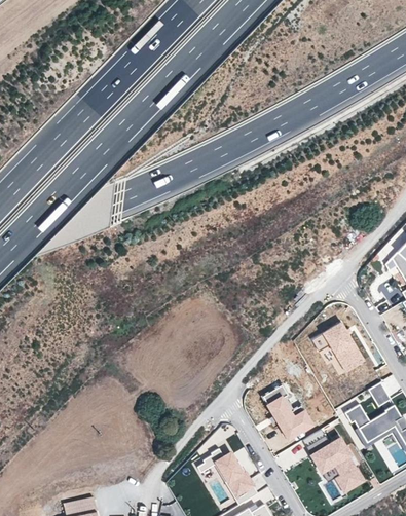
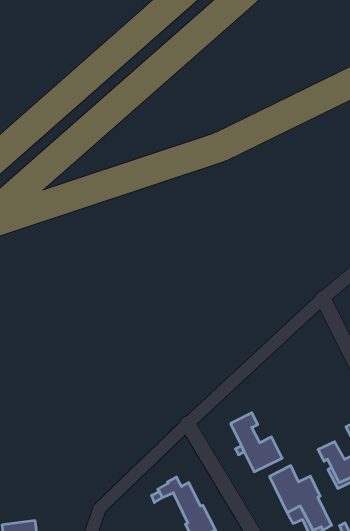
building: [312,322,366,372] -> none

